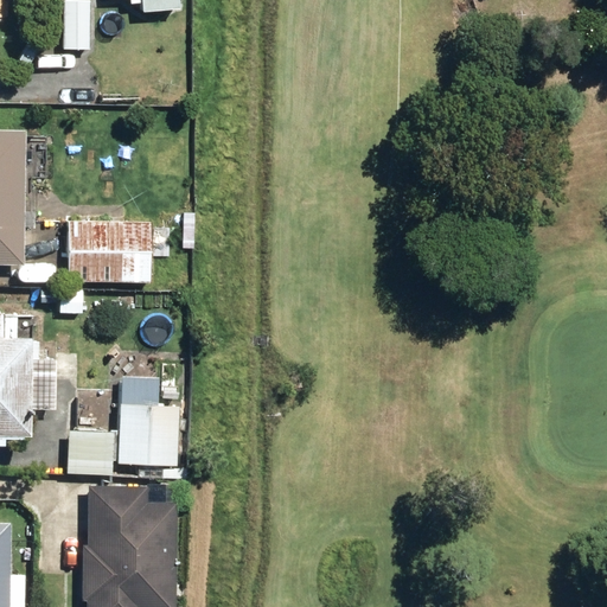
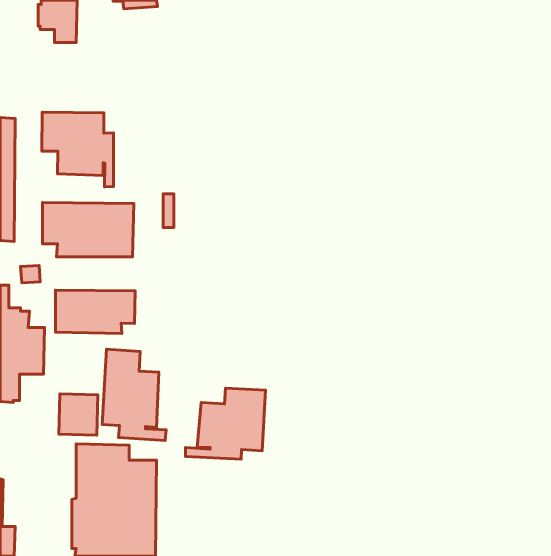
building: none -> [42,112,114,187]
building: none -> [56,290,135,334]
building: none -> [185,388,266,459]

